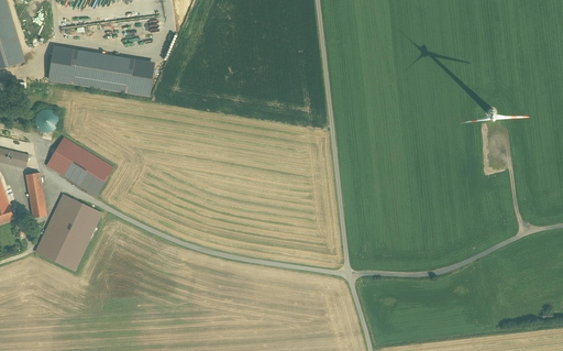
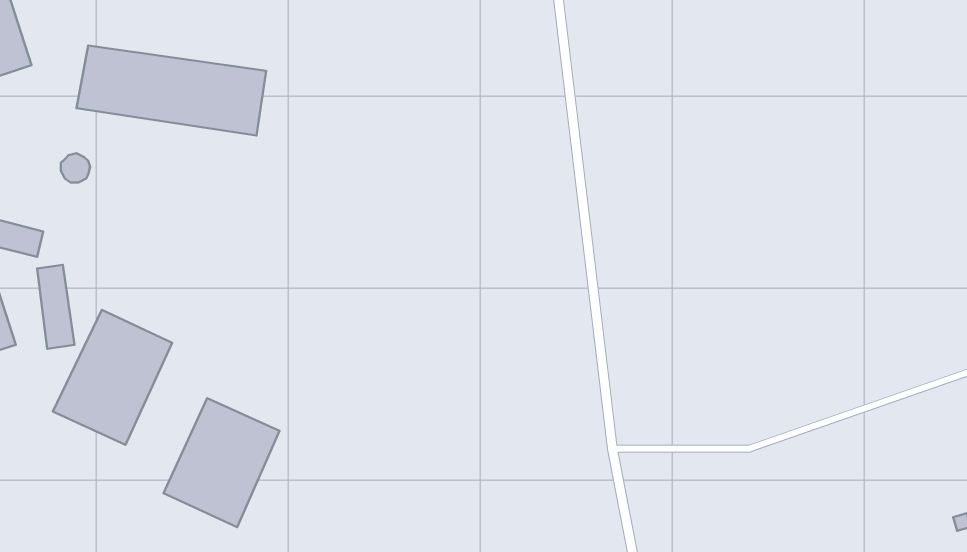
building: [44,133,113,191] -> none
building: none -> [163,398,280,527]

